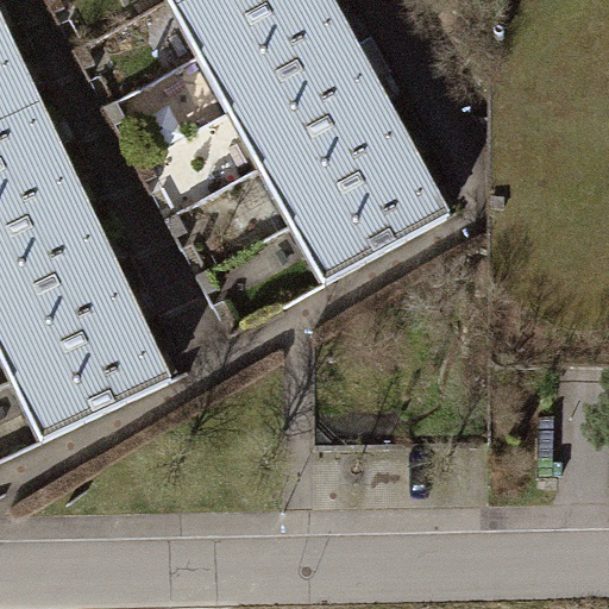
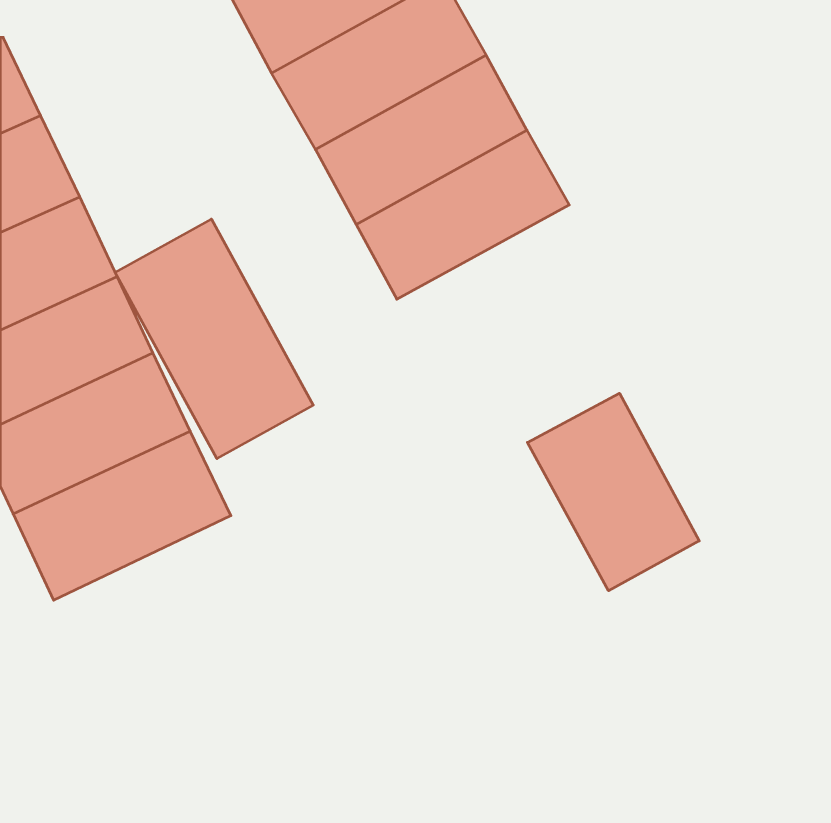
building: [290,150,450,280] -> none
building: none -> [115,219,313,459]
building: none -> [527,393,699,591]

